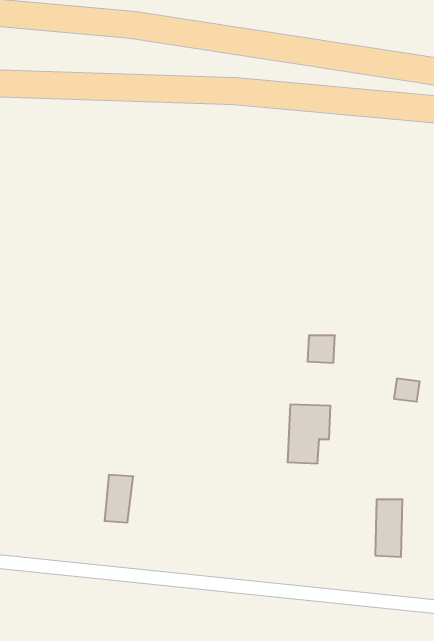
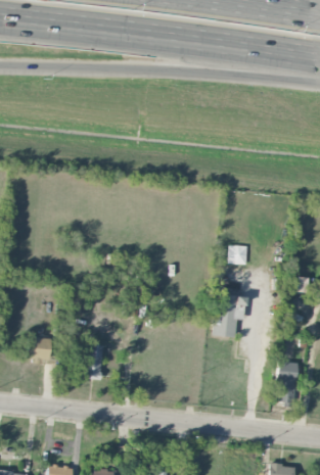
building: none -> [27,337,51,361]

